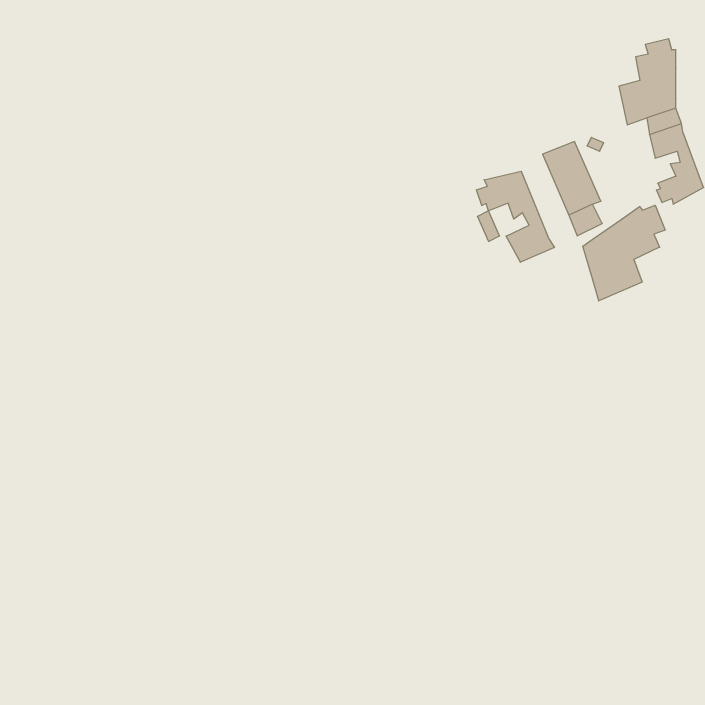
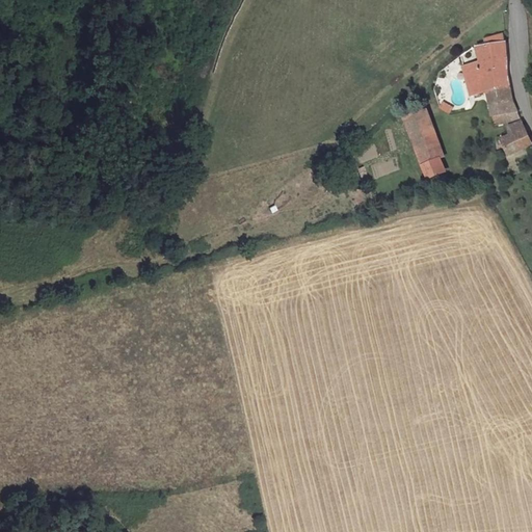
building: [476,171,554,262] -> none
building: [583,205,665,301] -> none

